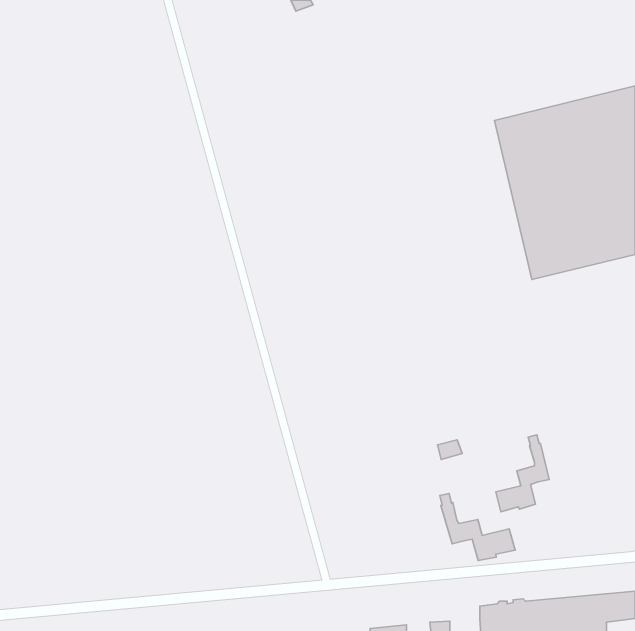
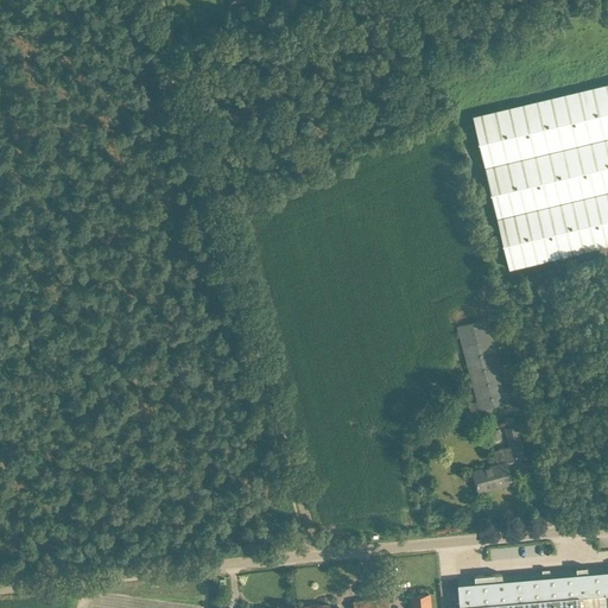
building: none -> [457,321,509,420]
building: [440,494,515,561] -> none

